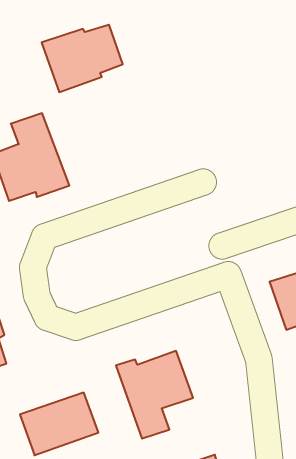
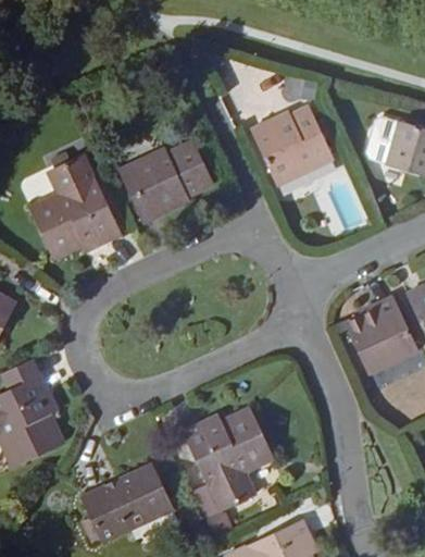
building: [42,25,123,92] -> [120,141,212,222]
building: none -> [250,107,332,185]

